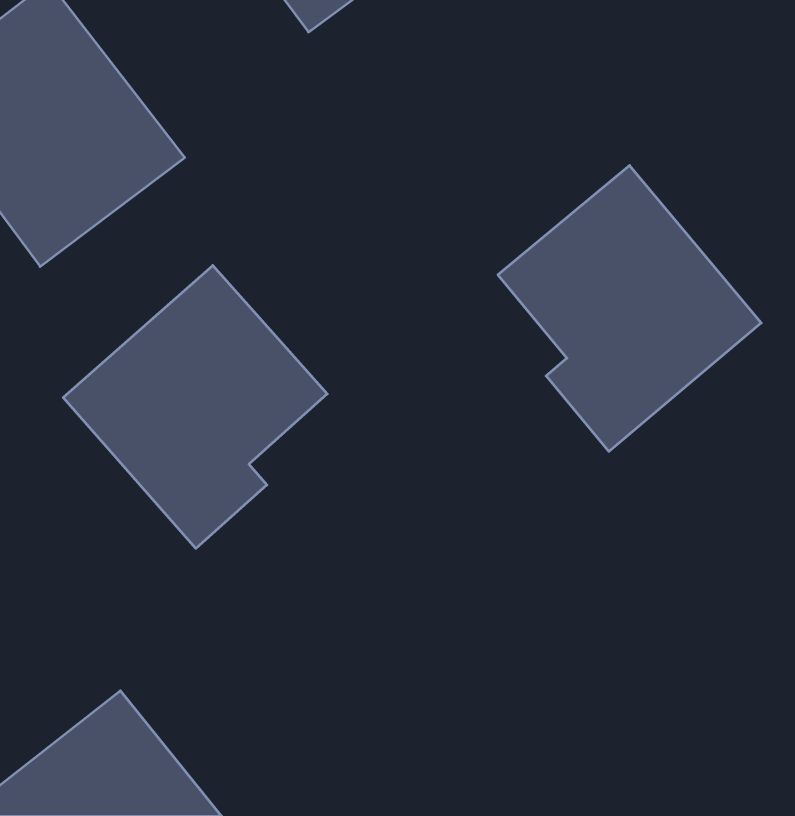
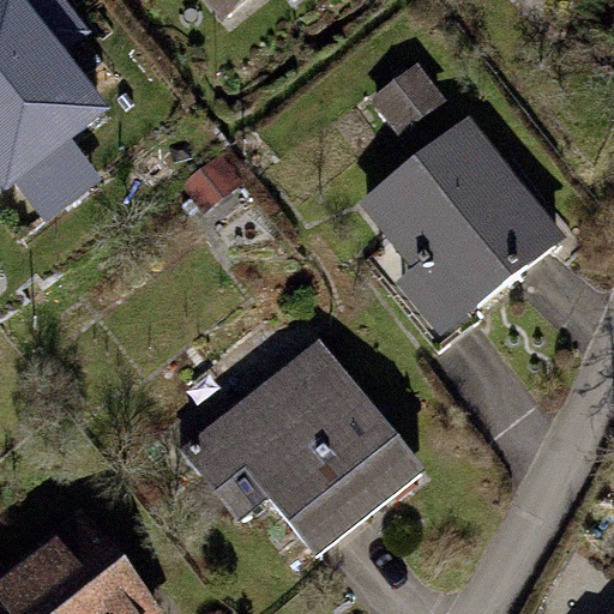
building: [63,265,327,548] -> none
building: none -> [192,339,444,568]

